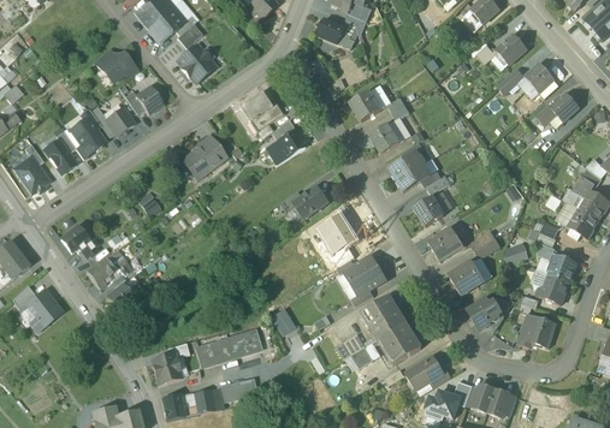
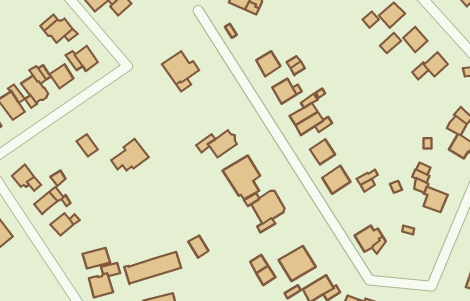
building: [177,44,214,82] -> none
building: [263,129,304,165] -> none
building: [182,133,226,171] -> [111,139,149,170]
building: [568,207,597,238] -> none
building: [448,260,484,293] -> none
building: [535,274,569,303] -> none
building: [361,295,405,338] -> none
building: [519,313,556,346] -> none
building: none -> [82,248,110,268]

